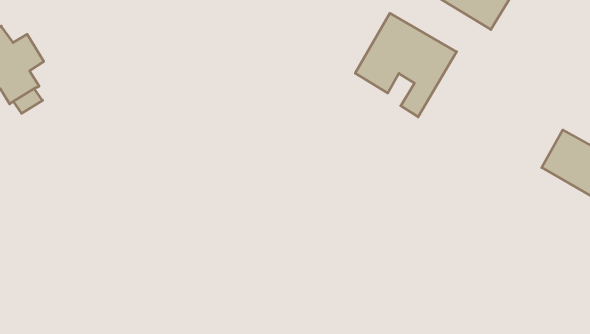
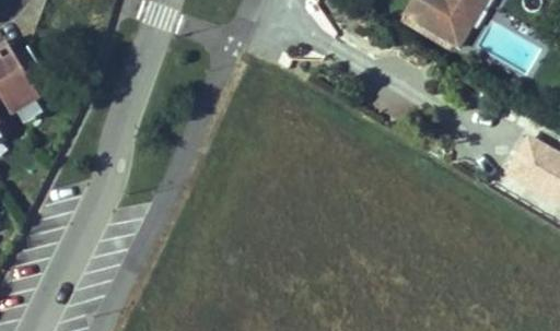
building: [355,13,457,117] -> none

